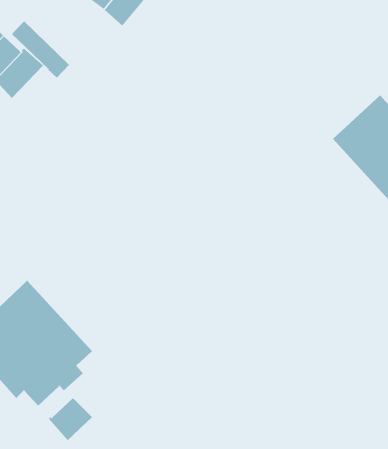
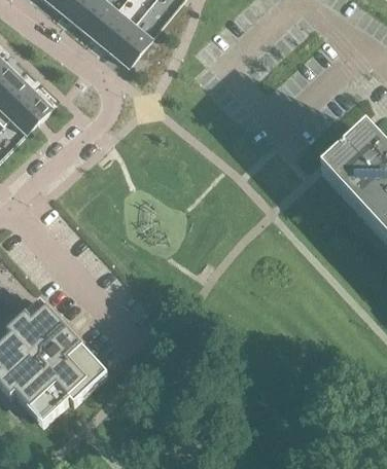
building: [11,21,70,78] -> none
building: [48,397,93,441] -> none

